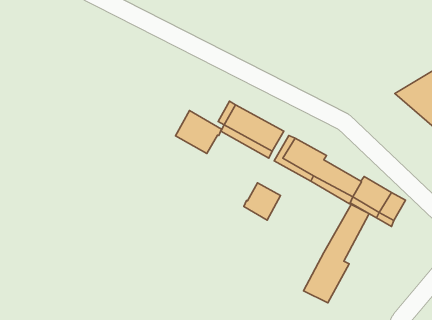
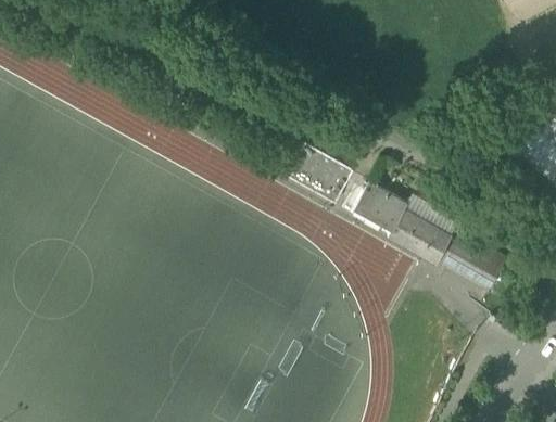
building: [175,111,221,153] -> none
building: [244,183,280,220] -> none
building: [303,204,369,303] -> none

